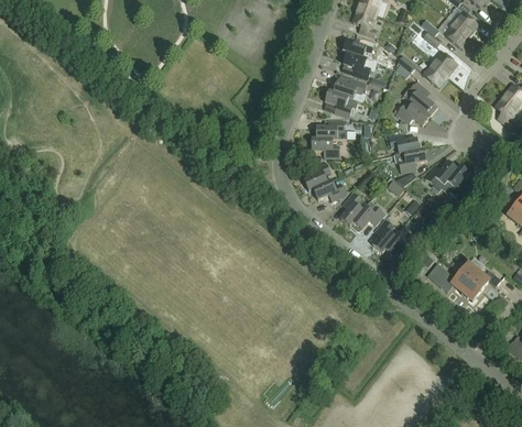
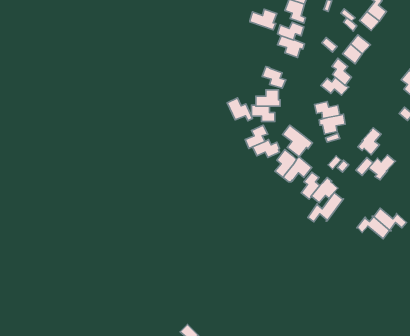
building: [333,77,366,102] -> [250,9,277,30]
building: none -> [227,98,253,121]
building: [424,161,457,191] -> [369,155,396,180]
building: none -> [283,125,313,157]
building: none -> [308,192,344,222]

